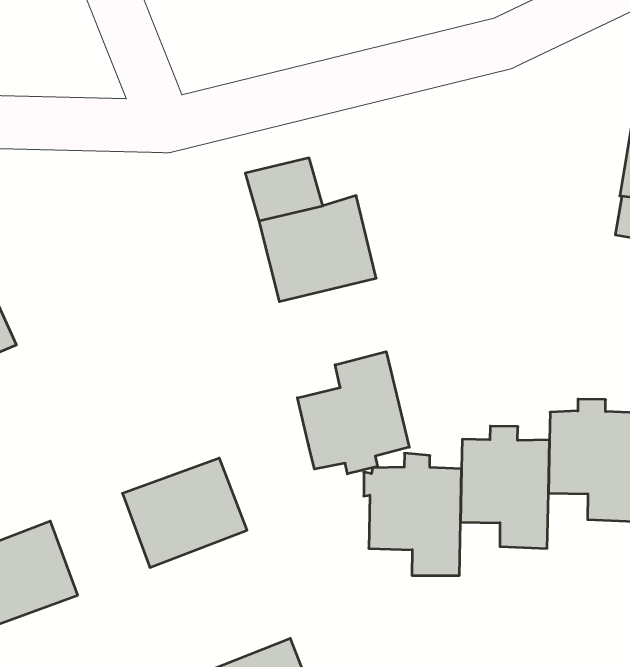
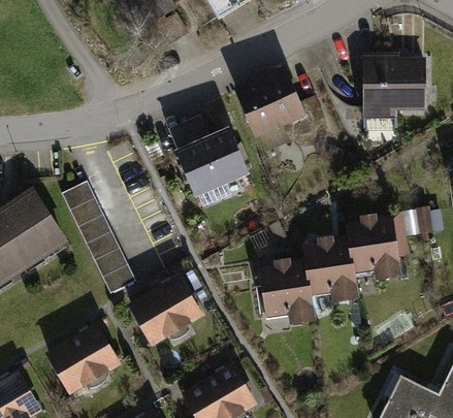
building: none -> [240,74,303,133]
building: none -> [62,180,136,293]
building: [297,352,409,474] -> none

